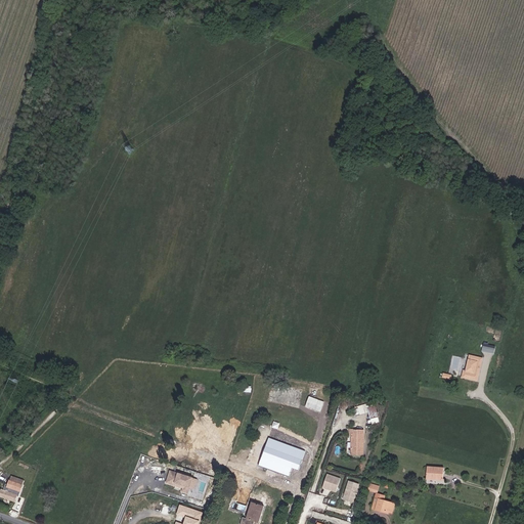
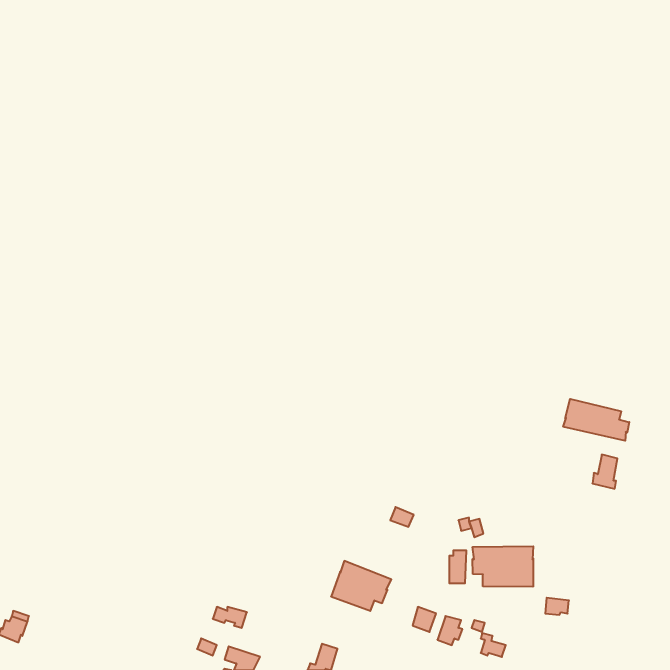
building: none -> [563,399,629,441]
building: none -> [473,546,533,587]

